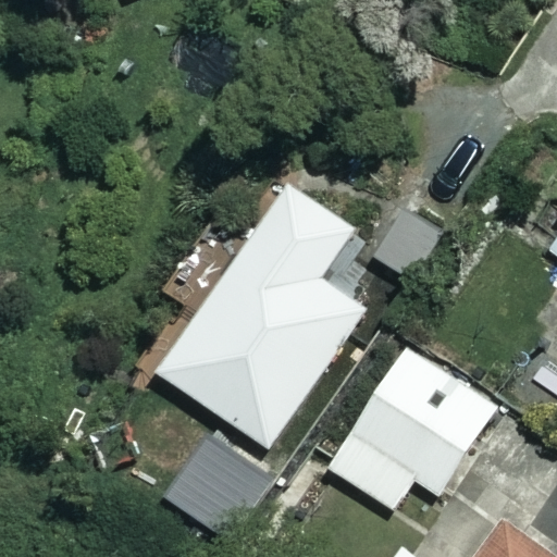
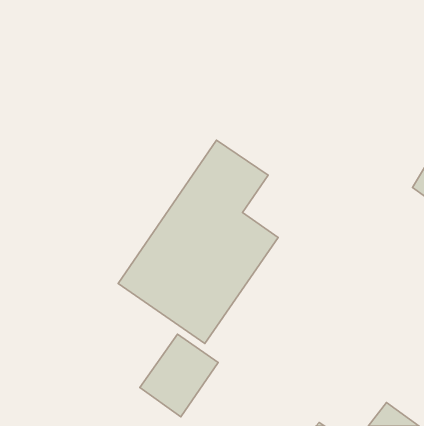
building: [325,346,494,507] -> none

